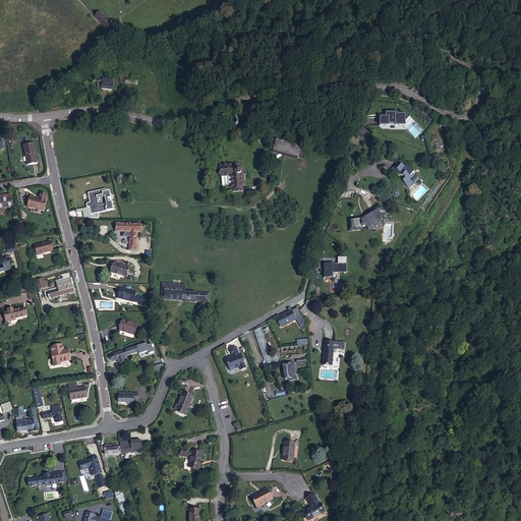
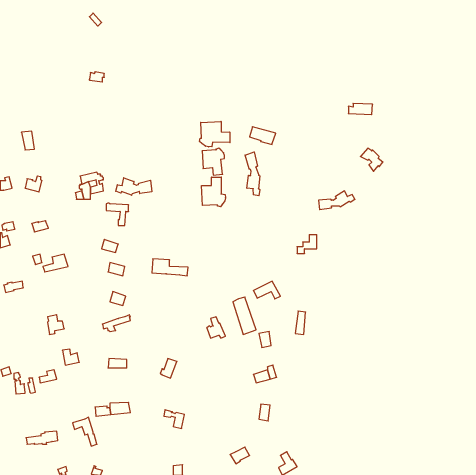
building: none -> [200,121,230,147]
building: none -> [245,152,260,196]
building: none -> [202,177,225,207]
building: none -> [116,178,152,195]

